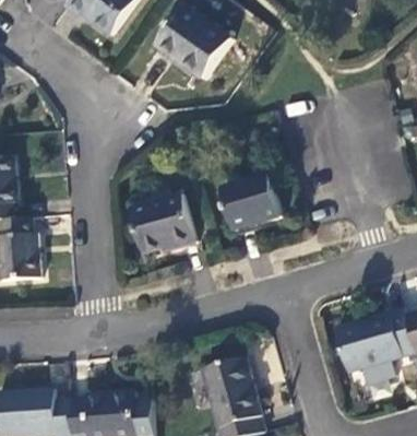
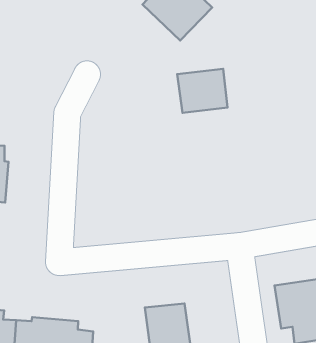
building: [222,177,279,229] -> [177,69,227,113]
building: [130,193,194,251] -> none

